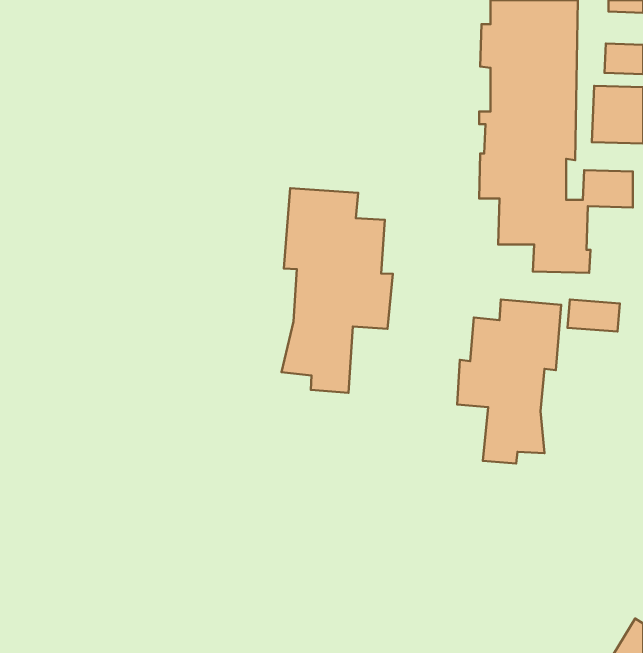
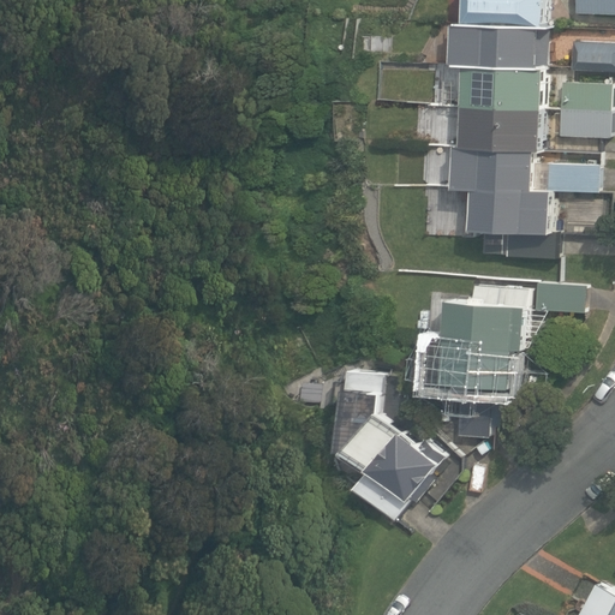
building: [281,188,393,393] -> none
building: none -> [335,370,440,519]

